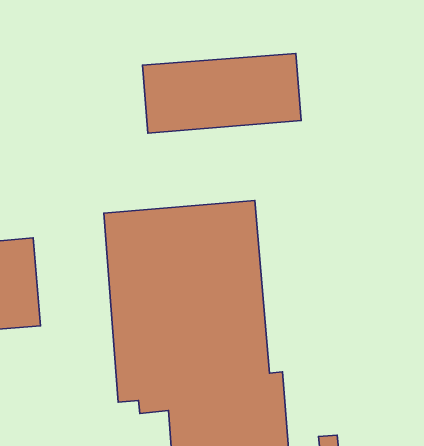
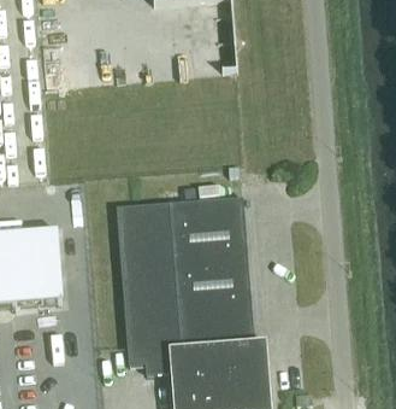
building: [143,54,301,133] -> none

